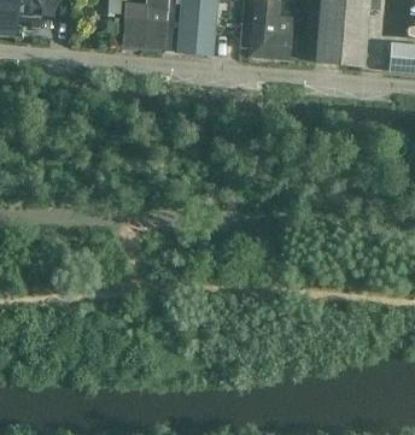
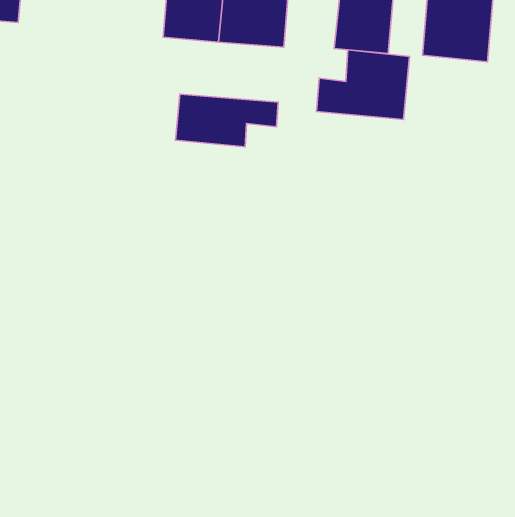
building: none -> [317,50,410,120]
building: none -> [176,94,278,147]

